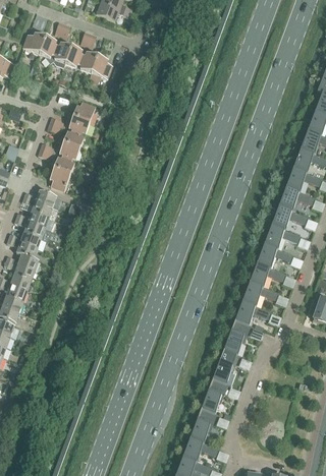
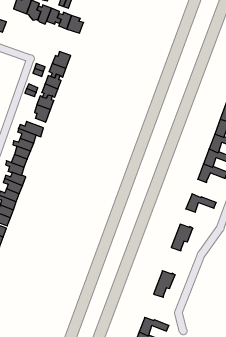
building: [250,263,287,287] -> none
building: [234,301,272,324] -> none
building: [212,350,239,383] -> none
building: [189,409,217,442] -> none

